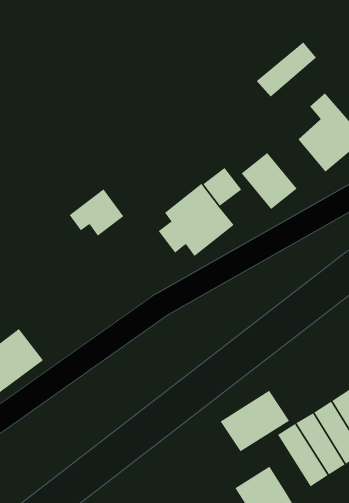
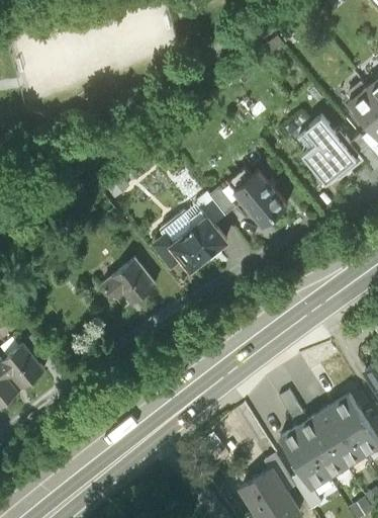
building: [256,42,317,97] -> none
building: [69,189,124,237] -> [110,258,163,304]
building: [220,390,290,452] -> none

